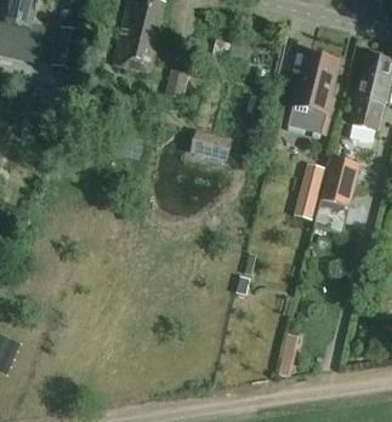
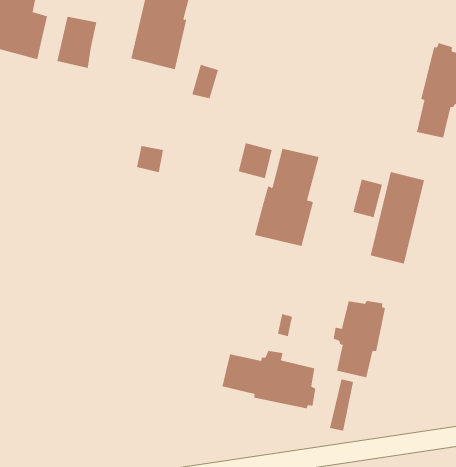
building: [283,52,337,135] -> [254,148,320,247]
building: none -> [333,300,385,378]
building: none -> [222,350,316,409]

